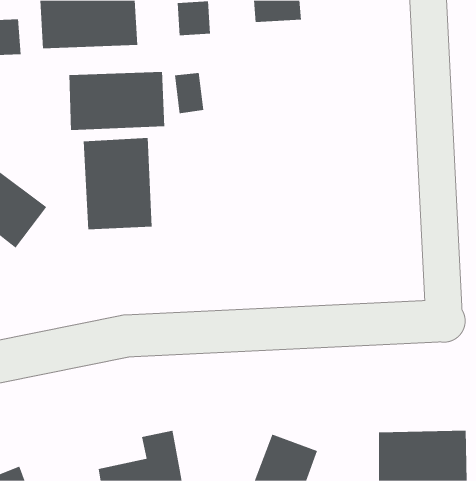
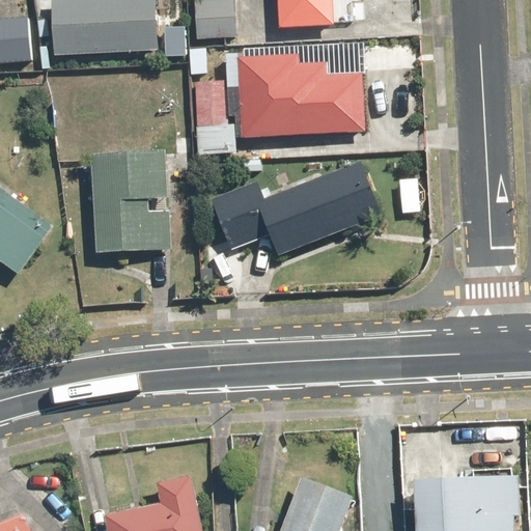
building: none -> [236,56,364,138]
building: [69,71,165,131] -> none
building: none -> [212,160,382,255]

